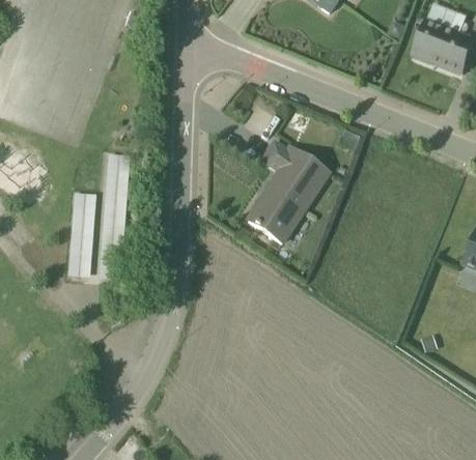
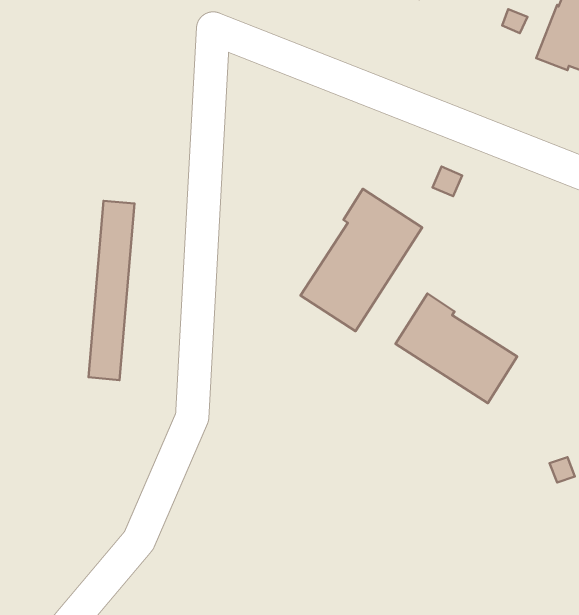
building: [67,193,95,277] -> none
building: none -> [395,293,517,403]

